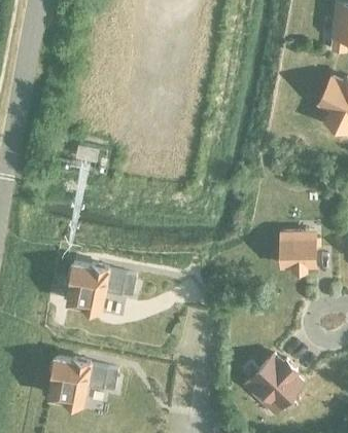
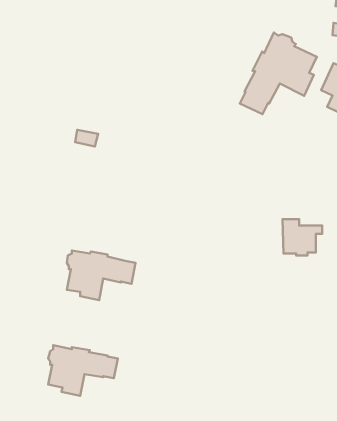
building: none -> [240,32,317,114]
building: [240,355,302,407] -> none

